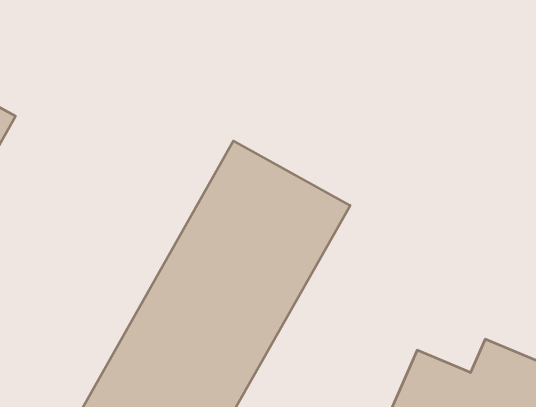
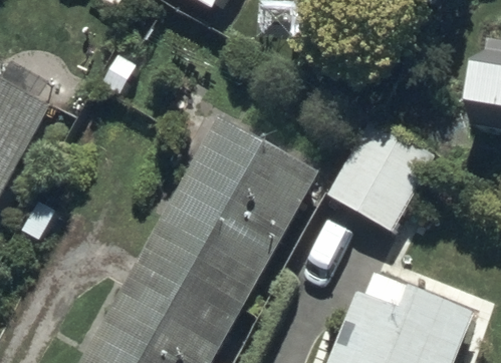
building: none -> [334,124,438,234]

